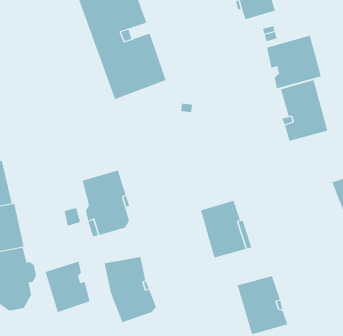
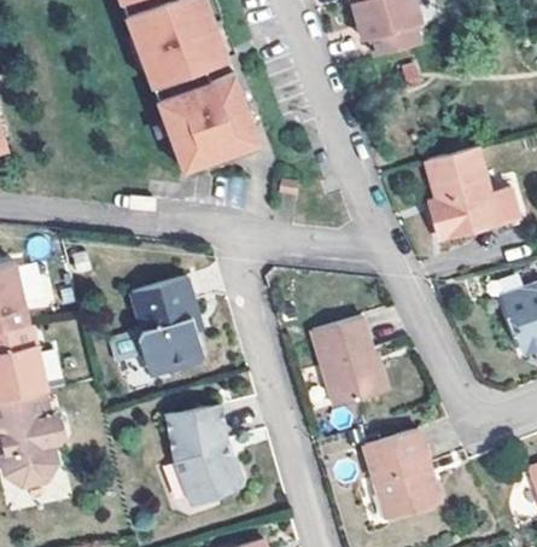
building: [267,35,322,89] -> none
building: [45,261,90,313] -> none

